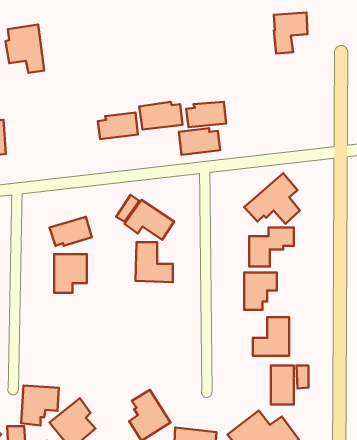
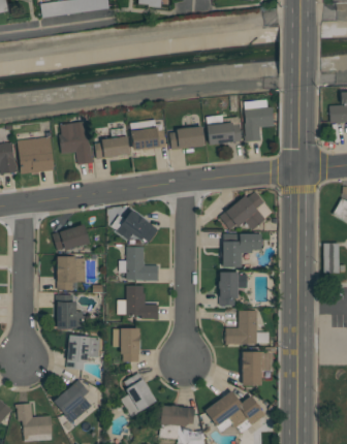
building: [274,12,308,54] -> [245,107,274,142]
building: [5,24,44,73] -> [58,121,91,162]
building: none -> [17,137,54,175]
building: [179,128,220,155] -> [207,123,242,146]
building: none -> [126,286,158,320]
building: none -> [56,295,84,329]
building: none -> [120,328,139,361]
building: [21,386,59,426] -> [67,336,99,370]

